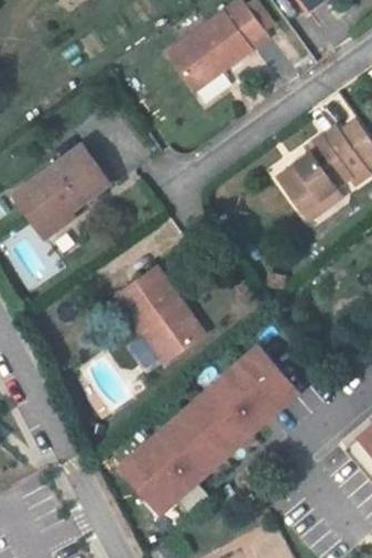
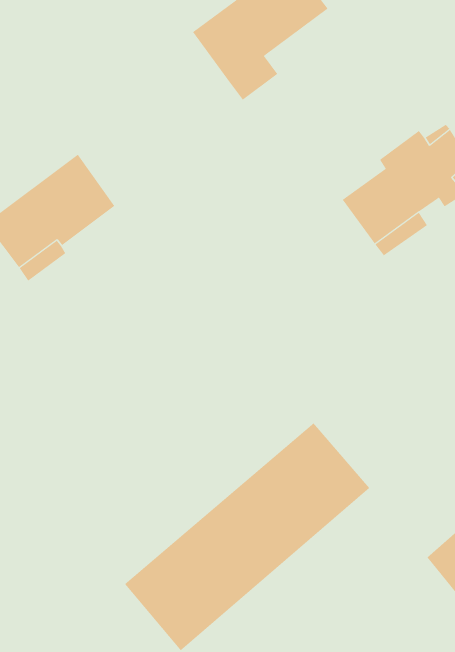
building: [117,269,199,363] -> none

